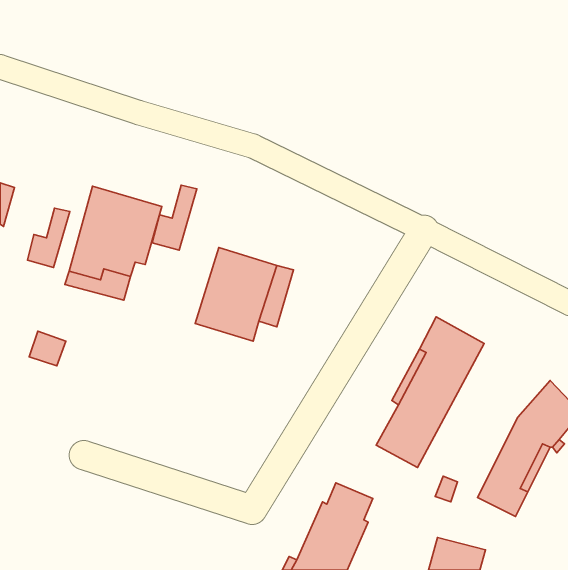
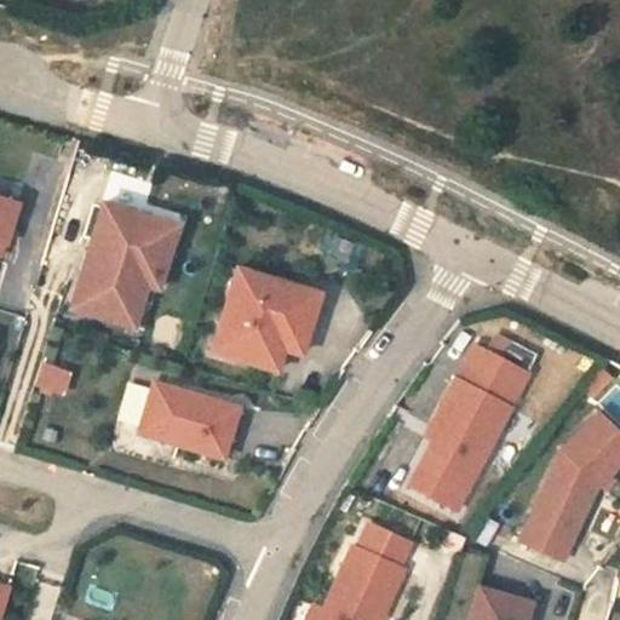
building: [152,185,197,250] -> none
building: [27,208,70,267] -> none
building: none -> [139,381,240,458]

